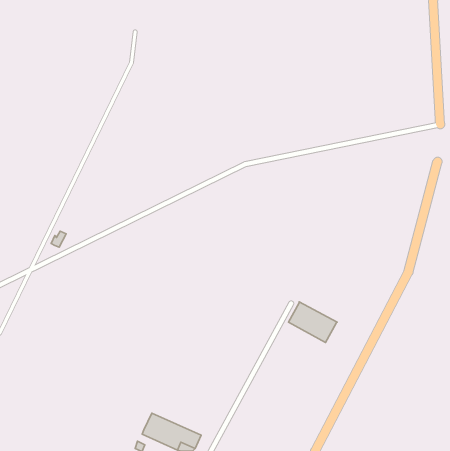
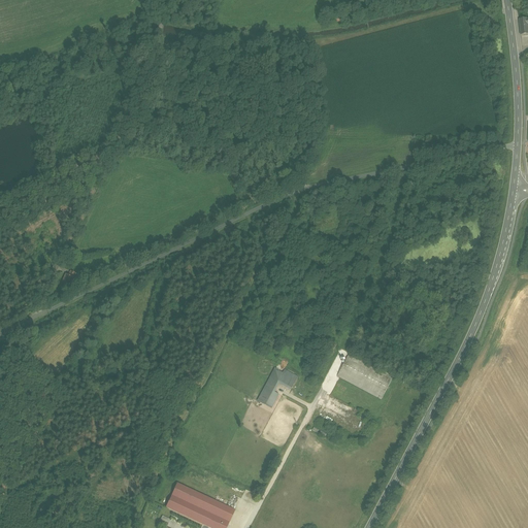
building: none -> [257,368,298,408]

